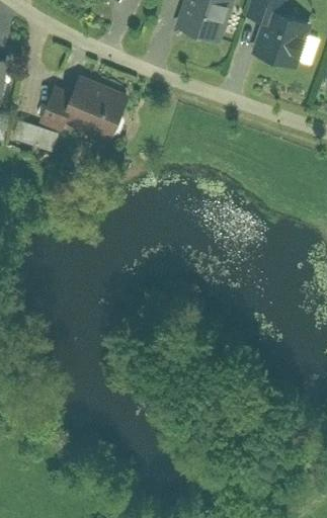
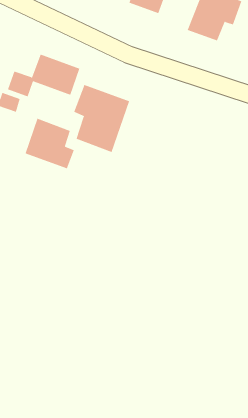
building: none -> [74,84,130,153]
building: none -> [25,118,75,169]

